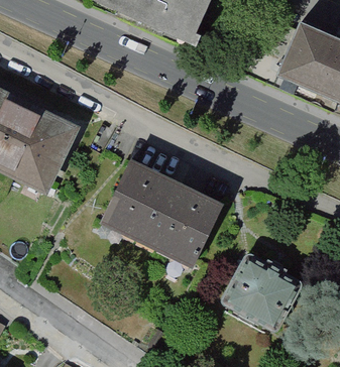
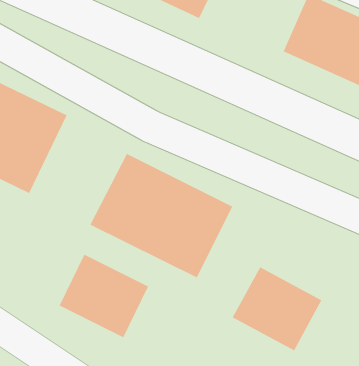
building: none -> [59,254,149,338]

